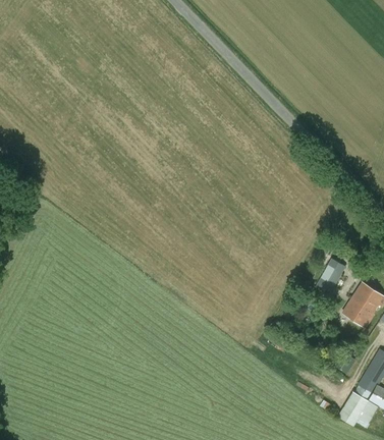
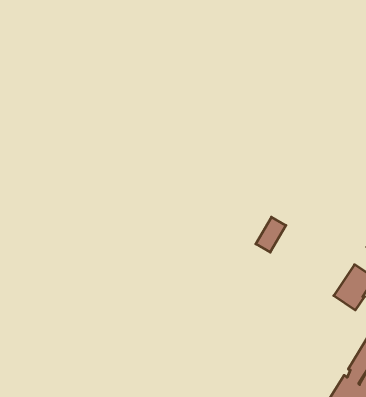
building: [317,258,346,292] -> [256,217,286,252]

